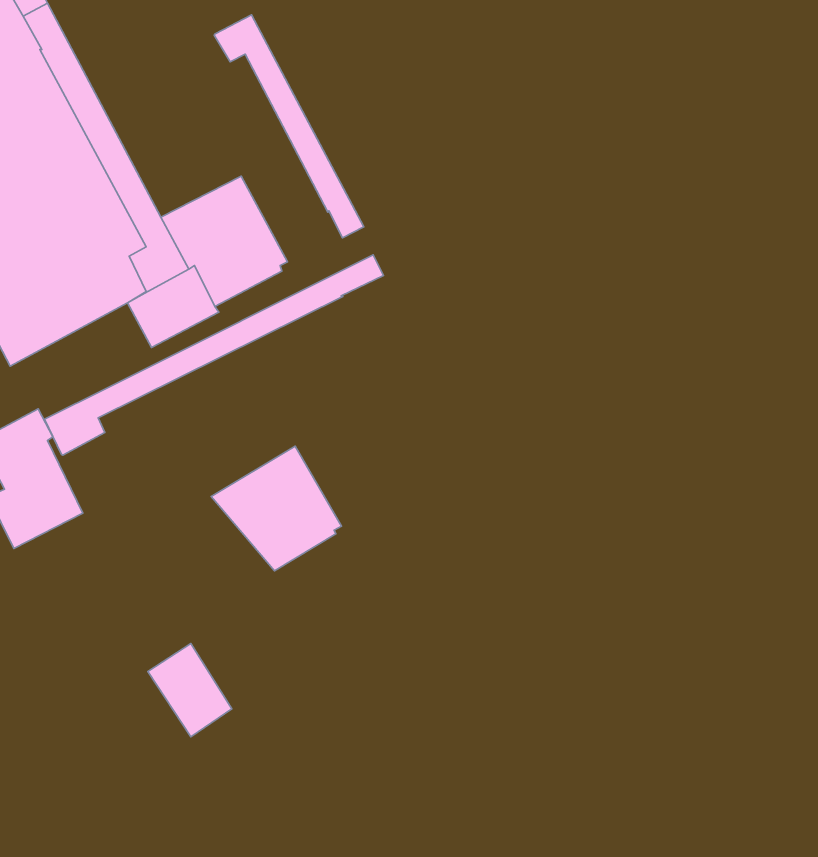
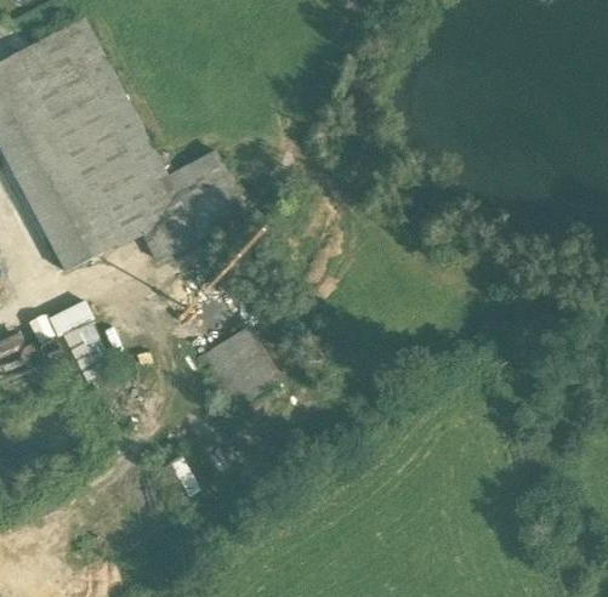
building: [214,15,364,238] -> none
building: [44,255,383,455] -> none

